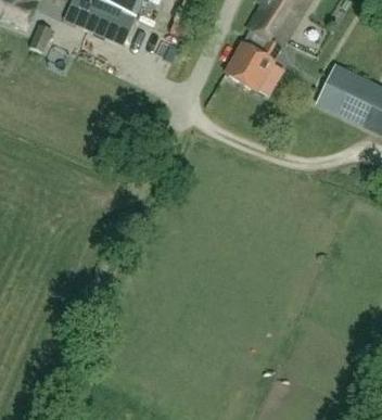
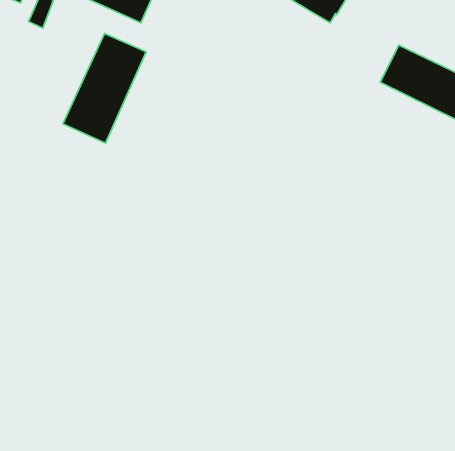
building: [224,38,279,90] -> none
building: none -> [63,33,146,143]

